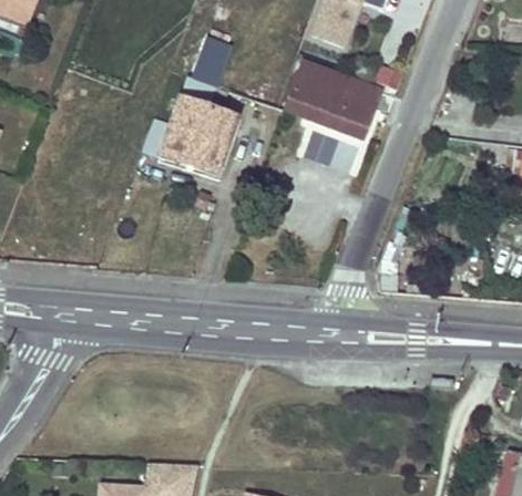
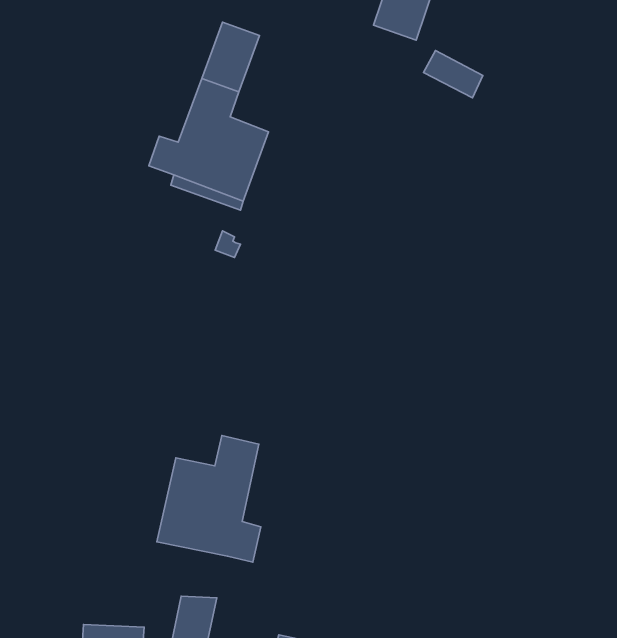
building: [286,61,381,140] -> none
building: none -> [157,436,261,562]

